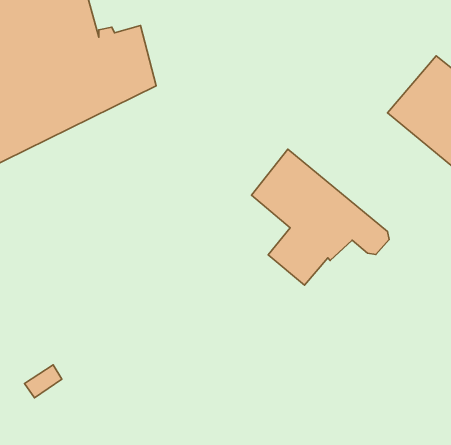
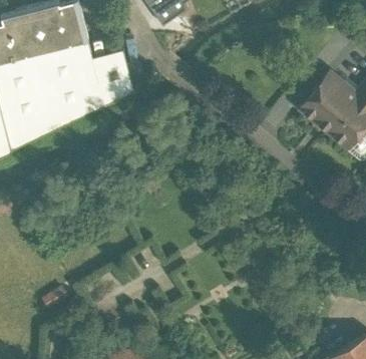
building: [252,149,389,285] -> none

